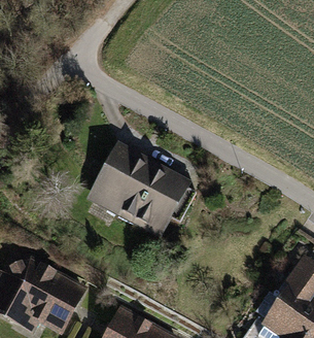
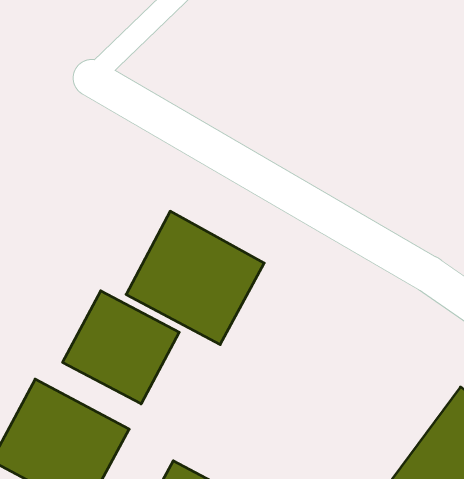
building: none -> [63,291,179,404]

